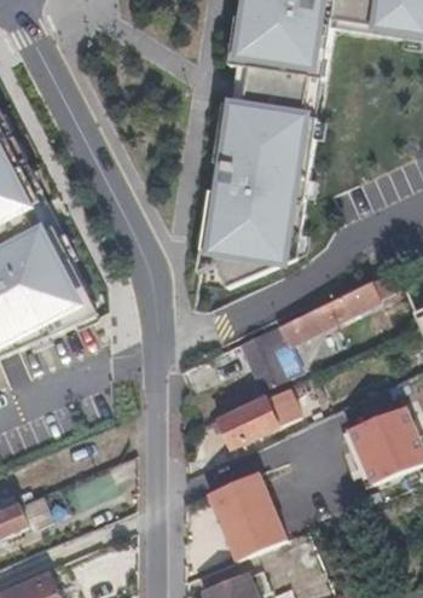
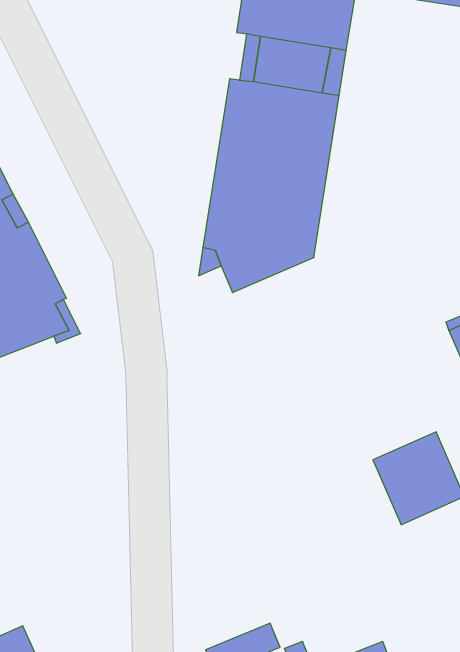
building: [236,279,379,393] -> none
building: [215,389,297,449] -> none
building: [207,474,284,559] -> none

